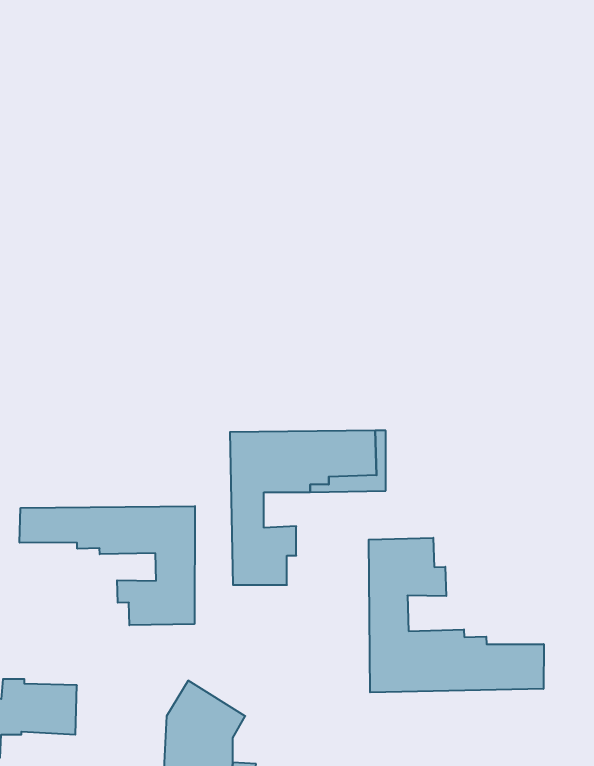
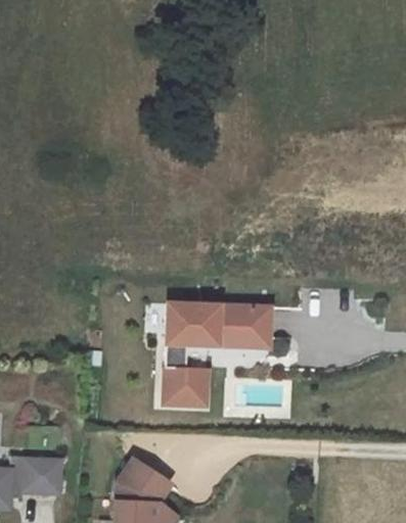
building: [20,506,195,625] -> none
building: [369,538,544,692] -> none

